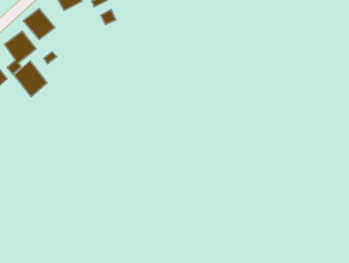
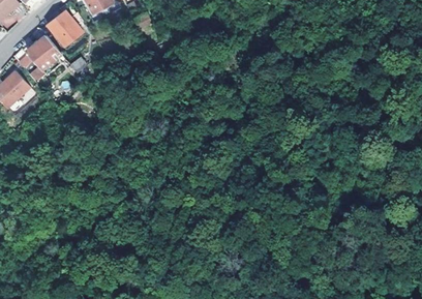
building: [14,61,47,97] -> none

